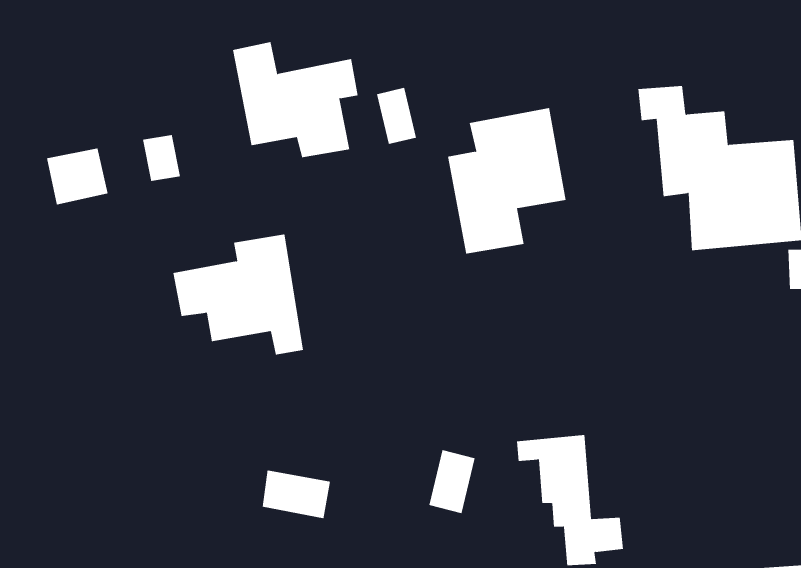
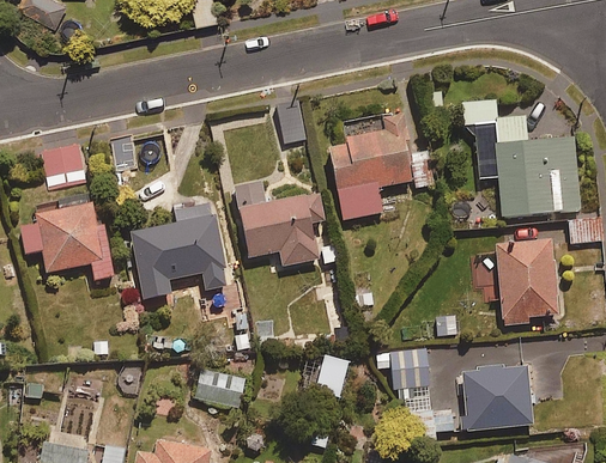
building: [232,41,359,158] -> [234,183,323,266]
building: none -> [20,206,113,280]
building: none -> [497,240,558,324]
building: none -> [461,366,532,431]

